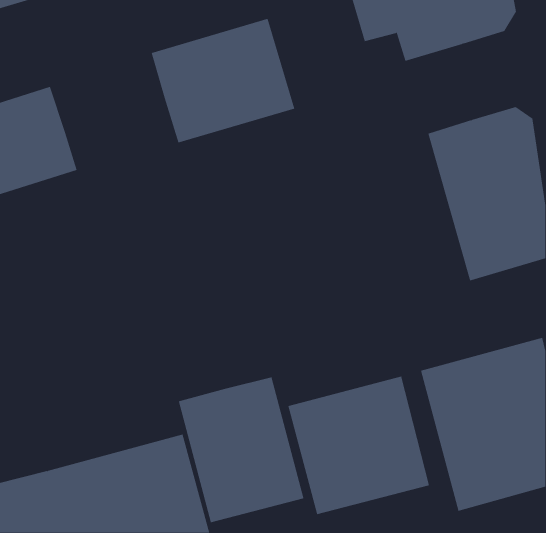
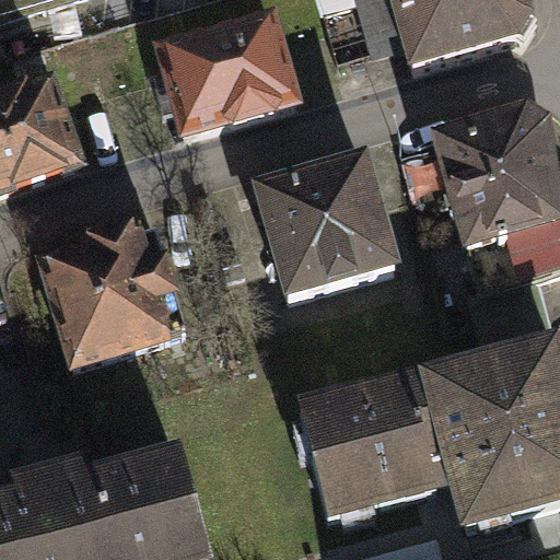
building: none -> [259,162,405,304]
building: none -> [42,229,179,368]
building: [178,377,304,523] -> none

